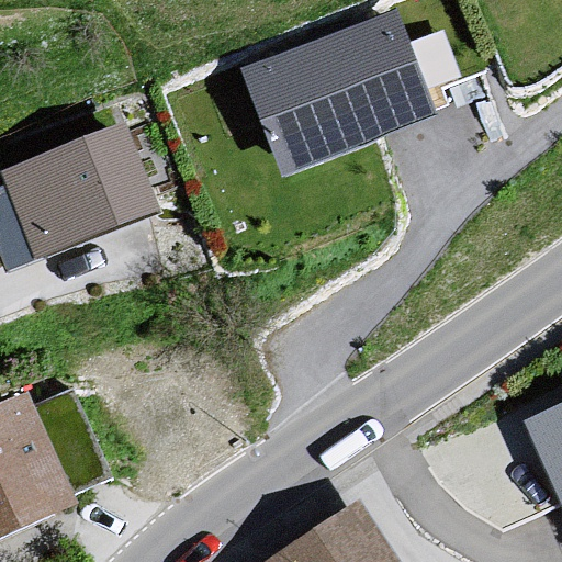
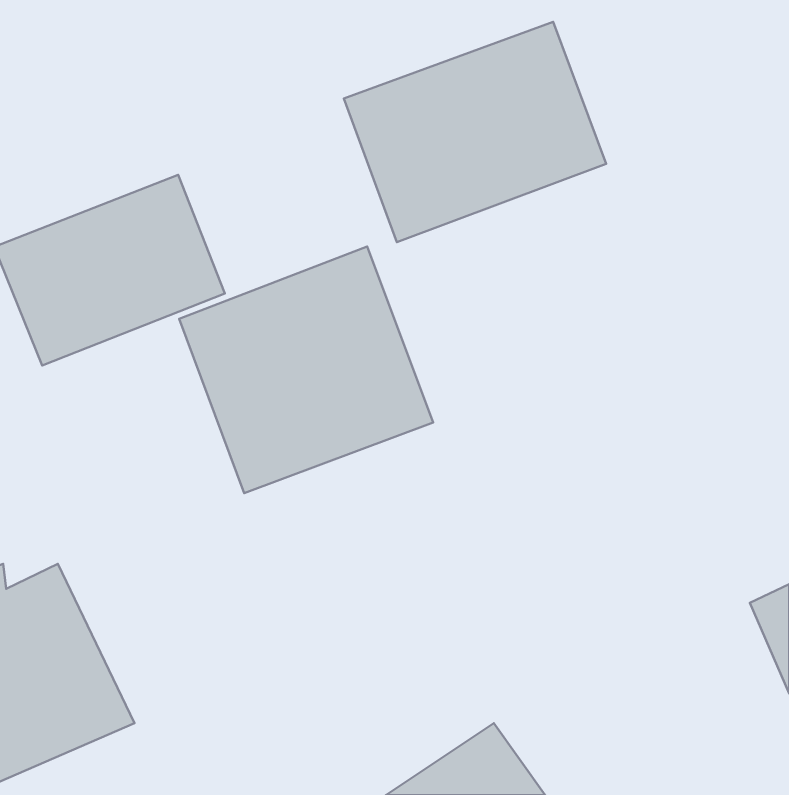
building: none -> [179,247,433,493]

